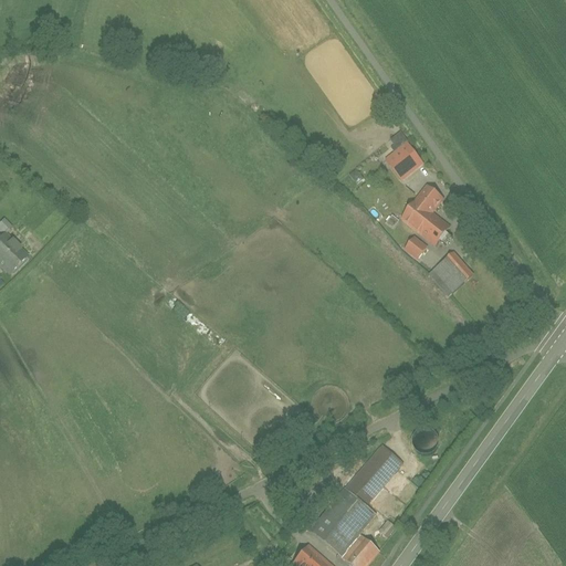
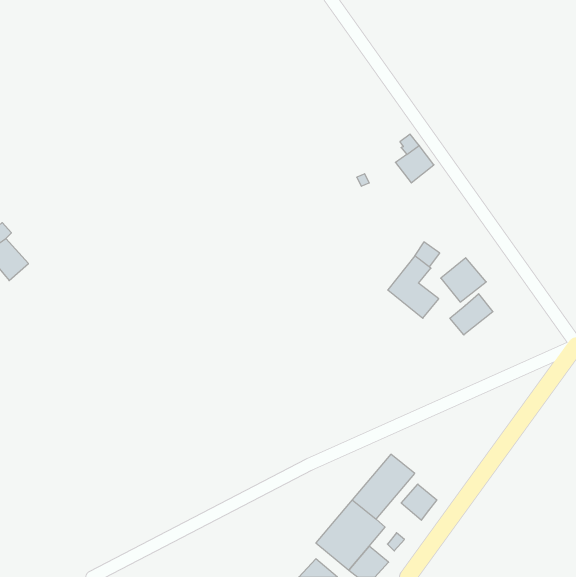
building: [400,185,450,245] -> [388,256,439,318]
building: none -> [450,294,493,335]
building: none -> [401,484,437,520]

